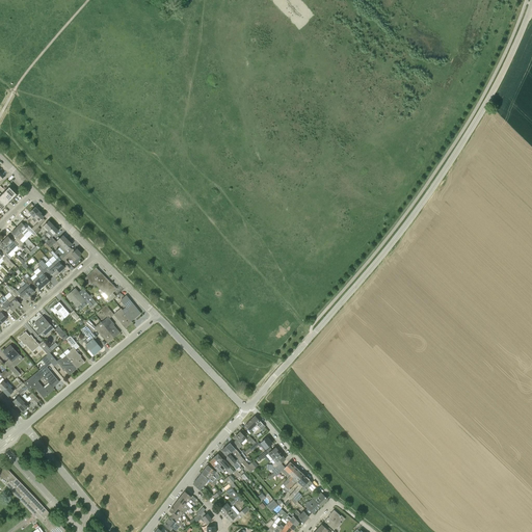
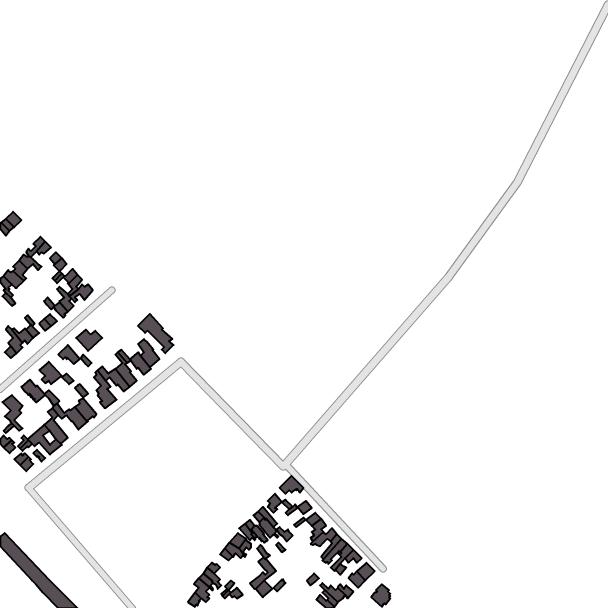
building: [85,268,116,302] -> [138,314,174,353]

